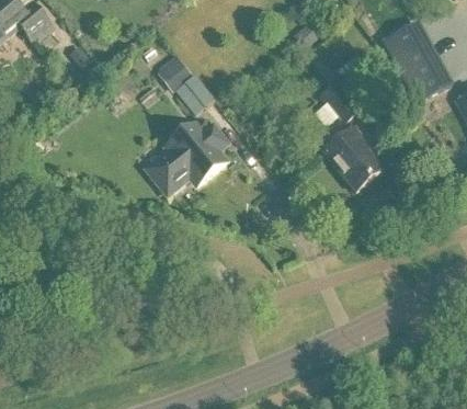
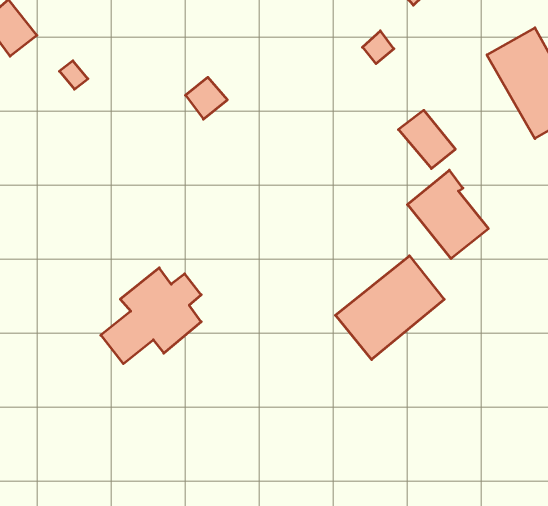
building: [175,75,213,113] -> none
building: [151,123,225,193] -> [101,268,201,364]
building: none -> [335,256,444,360]

